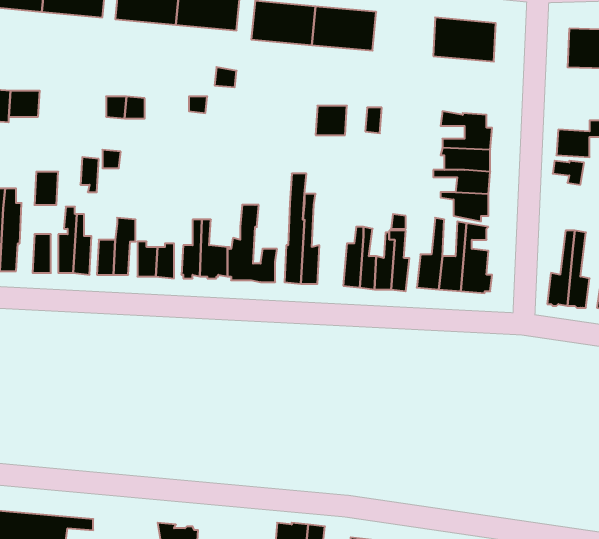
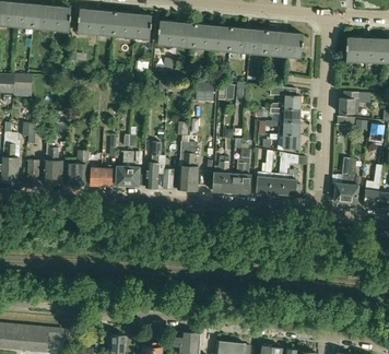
building: none -> [229,27,267,54]

